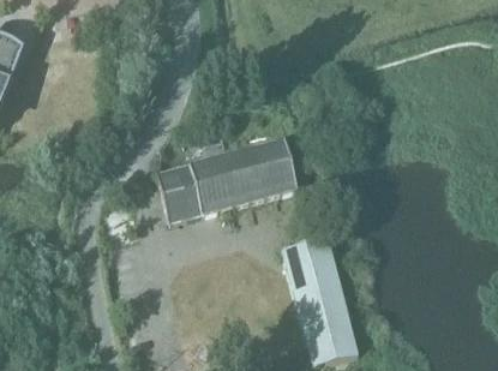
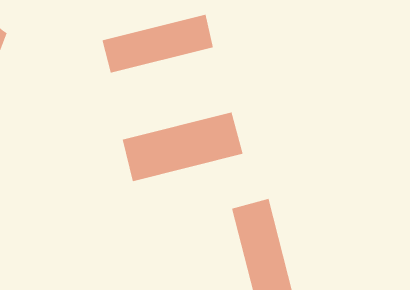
building: none -> [102,14,214,73]

